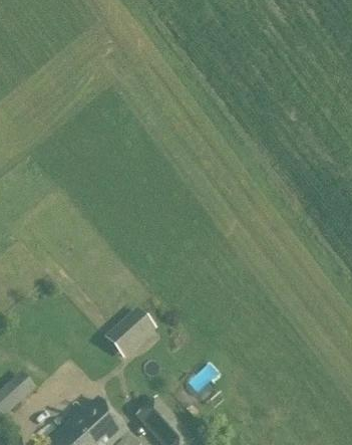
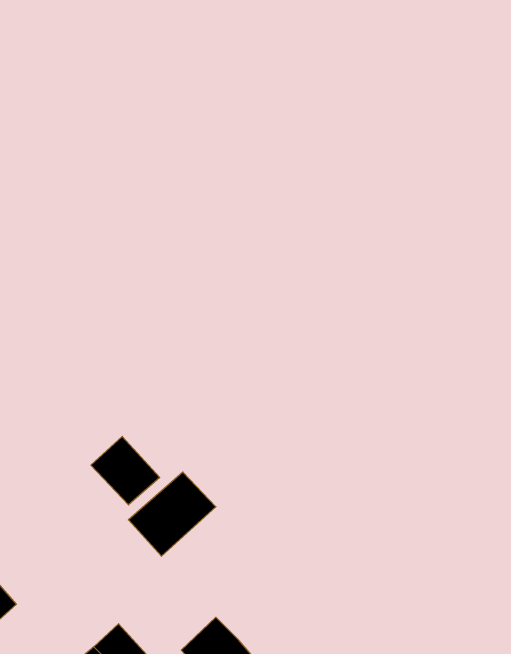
building: none -> [91,436,160,505]

